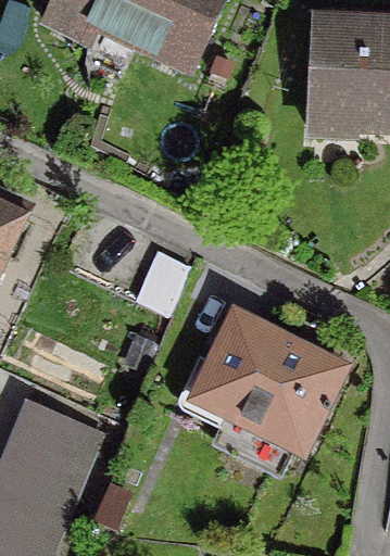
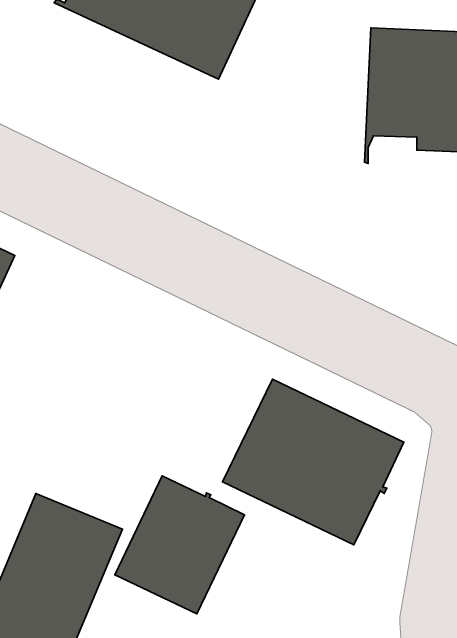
building: none -> [115,476,244,614]

